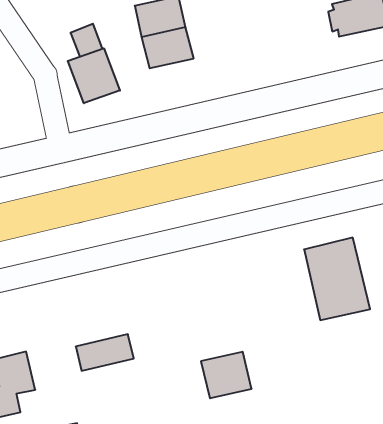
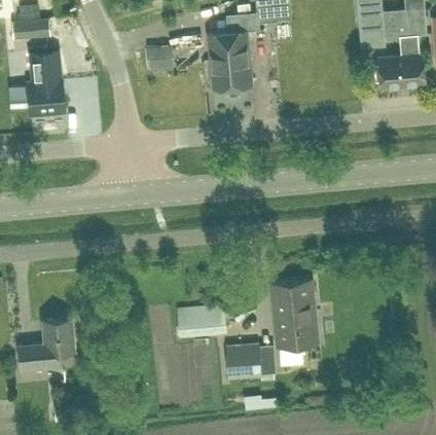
building: [68,48,120,103] -> none
building: [304,238,370,320] -> [269,282,319,349]
building: [76,334,134,371] -> [177,306,225,332]

